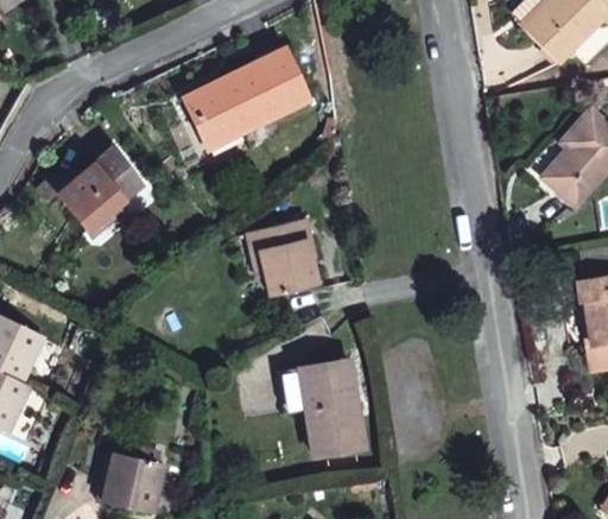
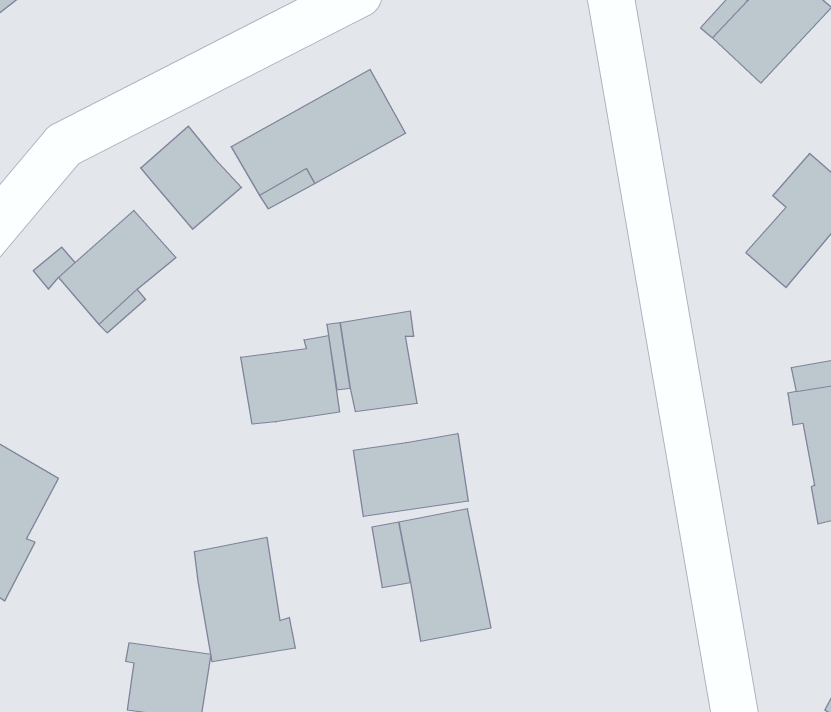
building: none -> [141,126,242,229]
building: none -> [241,335,339,424]
building: none -> [353,433,468,517]
building: none -> [195,537,295,662]

